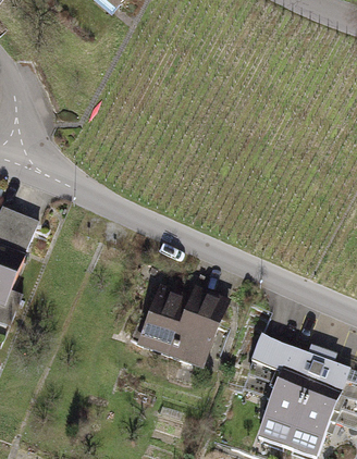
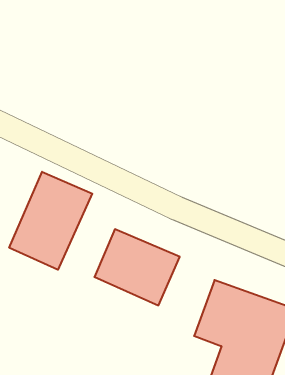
building: none -> [9,172,92,270]

